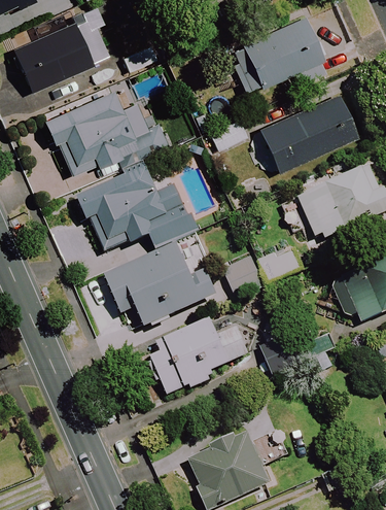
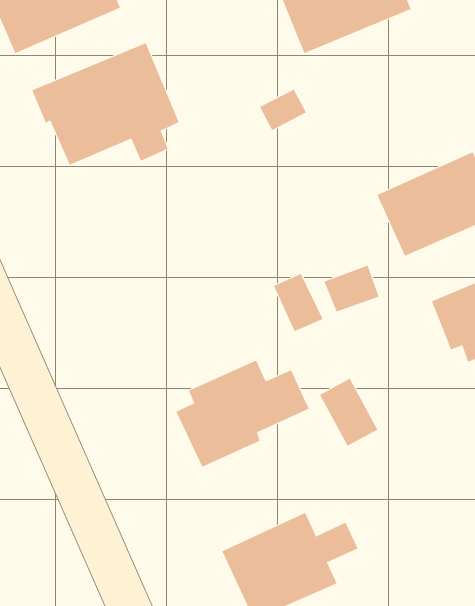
building: [267,91,356,167] -> none
building: [76,161,198,250] -> none
building: [105,242,217,326] -> none

